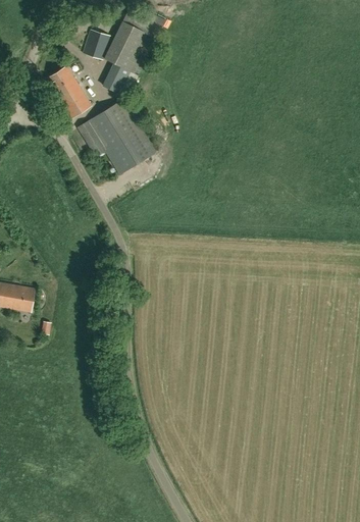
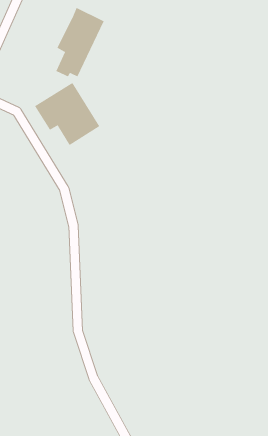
building: [82,31,109,59] -> none
building: [45,65,90,118] -> none

